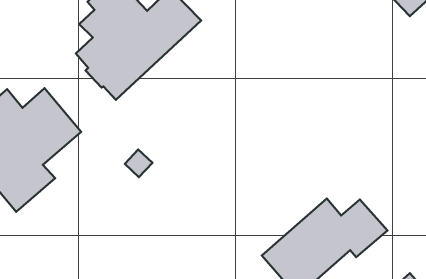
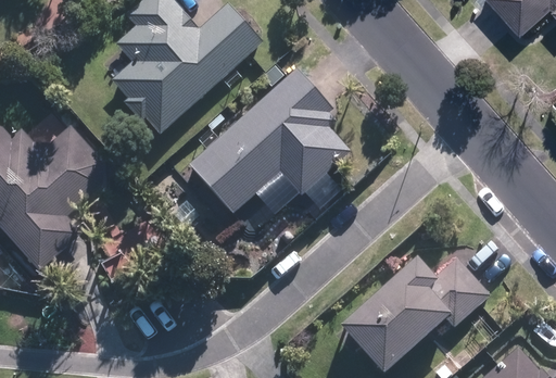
building: none -> [187,66,350,215]

